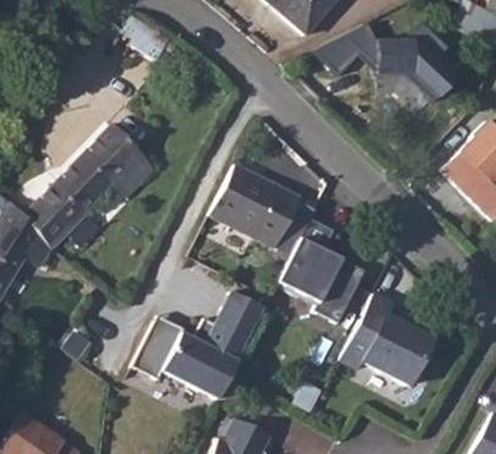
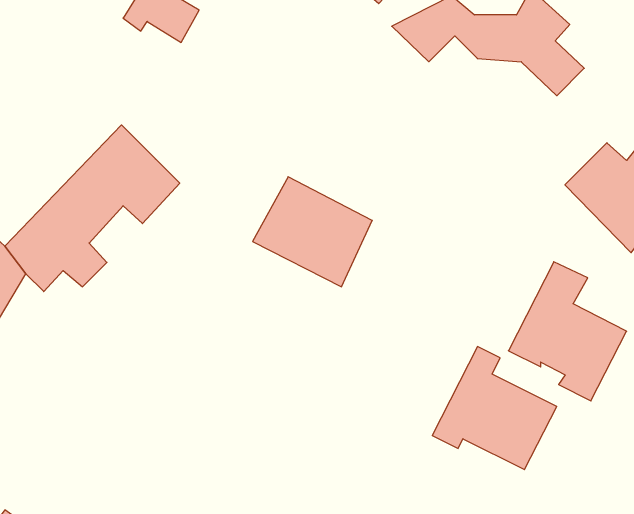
building: [279,213,368,317] -> [508,262,627,401]
building: [133,295,264,403] -> none

